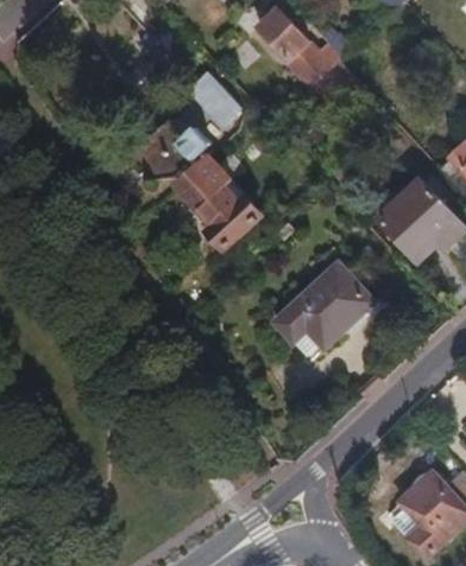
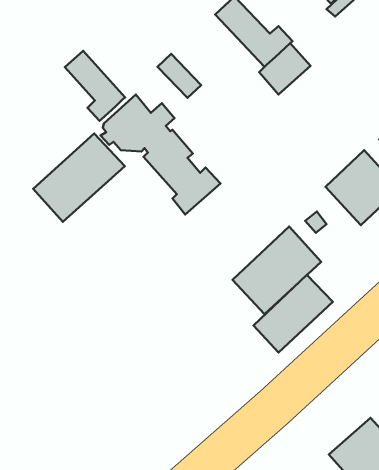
building: none -> [65,51,125,121]
building: none -> [33,133,125,222]
building: none -> [253,275,333,352]

